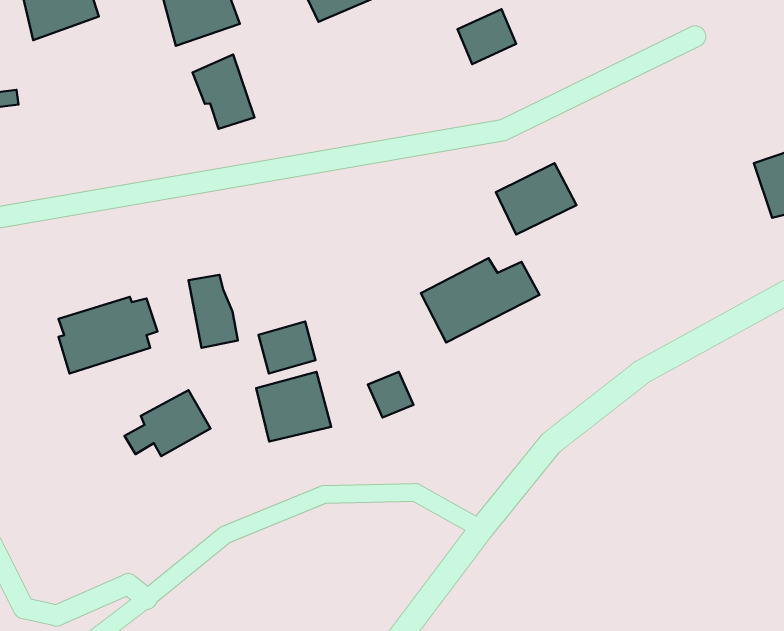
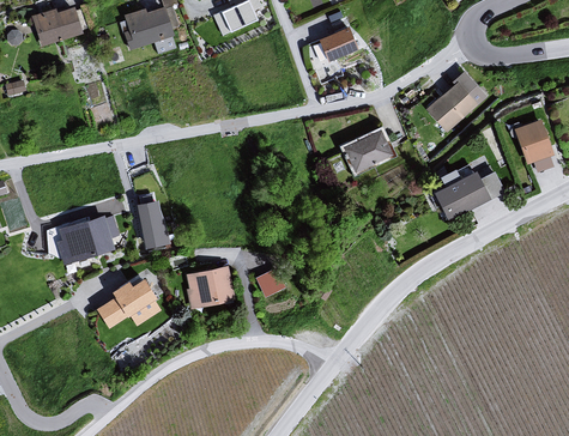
building: [193,55,255,129] -> none
building: none -> [425,73,486,133]
building: [421,258,540,343] -> [426,168,504,223]
building: [258,321,315,374] -> none

